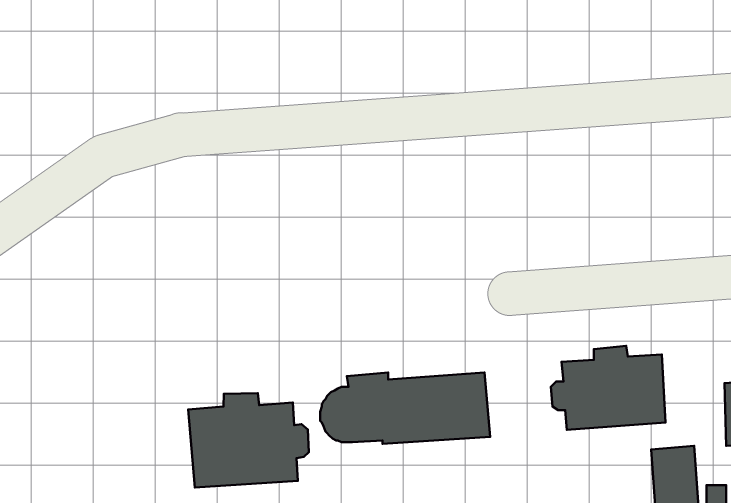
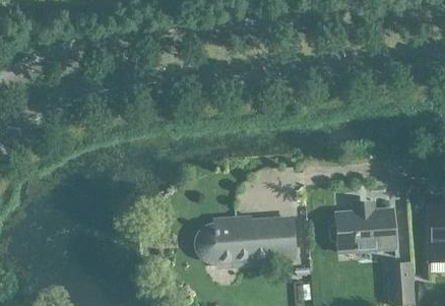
building: [188,393,309,488] -> none

